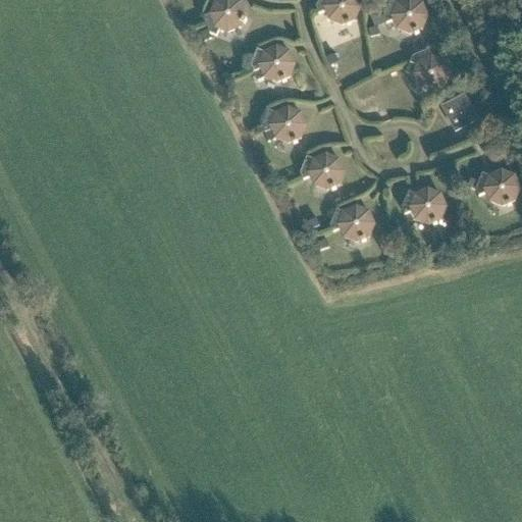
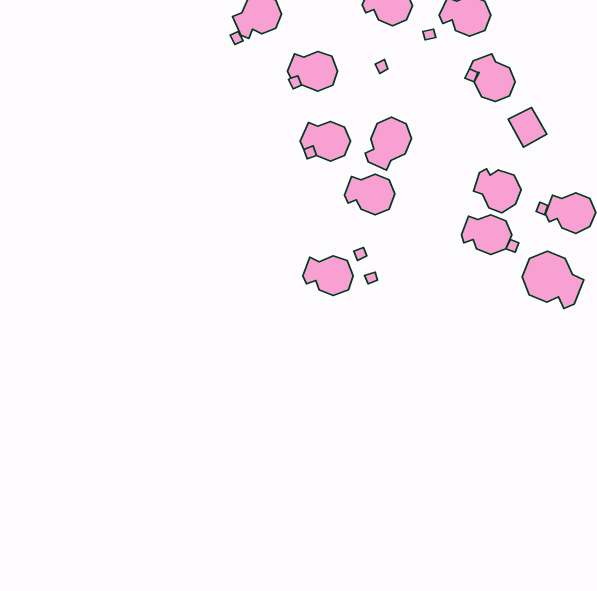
building: none -> [365,117,412,170]
building: none -> [474,169,521,213]
building: [330,205,374,240] -> [303,256,353,296]
building: none -> [522,251,584,309]

